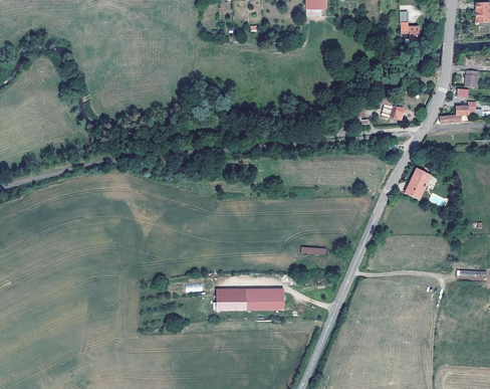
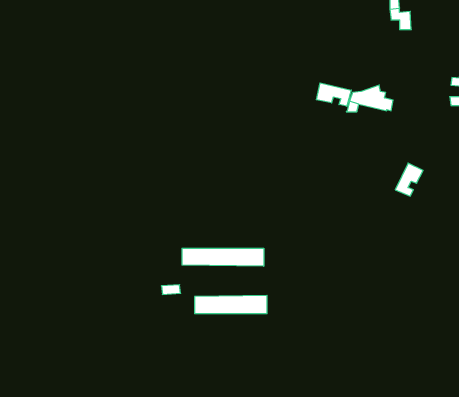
building: none -> [316,83,351,106]
building: none -> [182,248,264,266]

